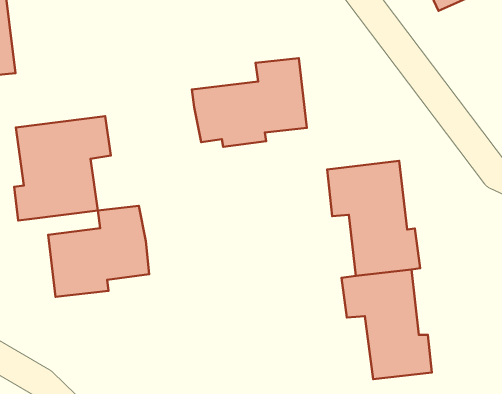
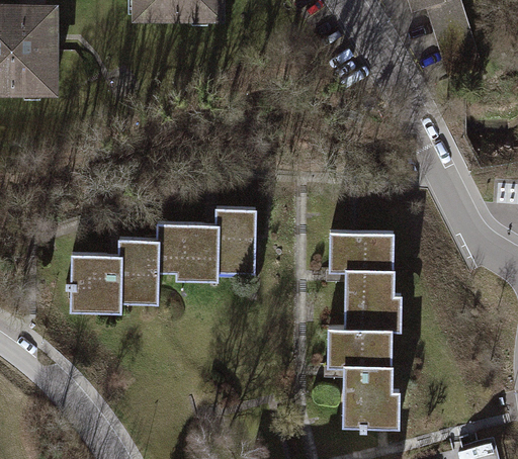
building: [192,58,307,147] -> [155,204,255,276]
building: [14,116,111,221] -> none

